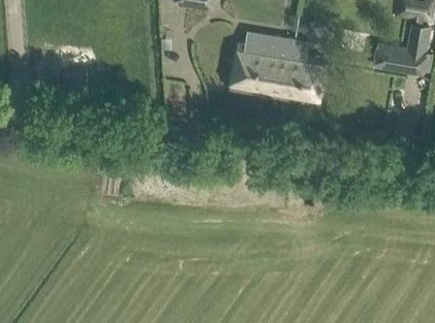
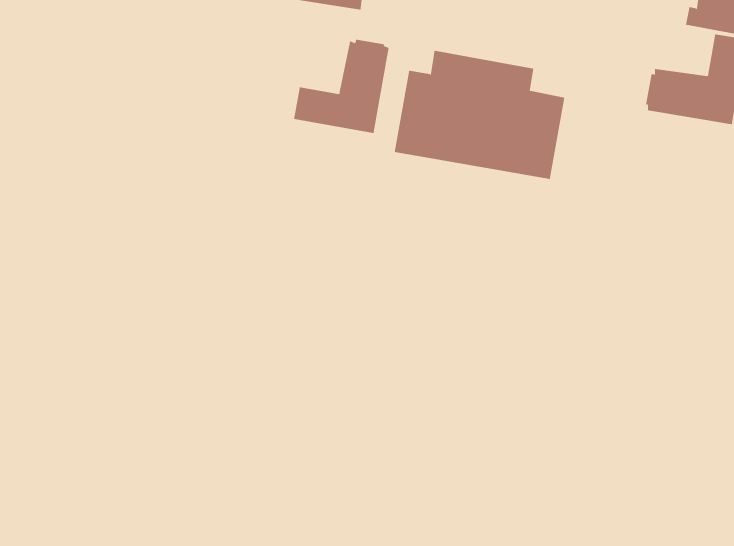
building: none -> [294,39,389,134]

